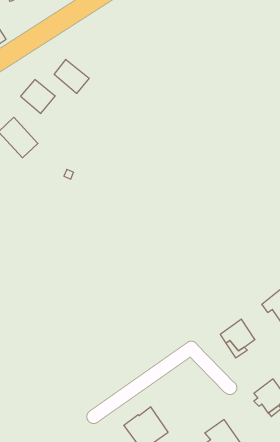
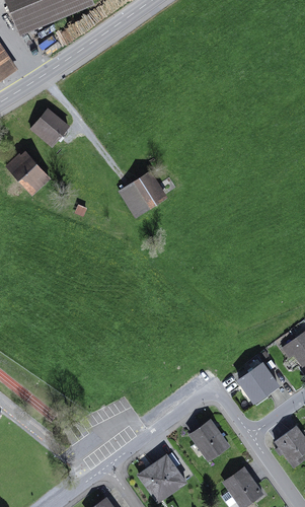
building: [54,59,89,93] -> none
building: none -> [122,172,164,216]
building: none -> [190,421,228,459]

